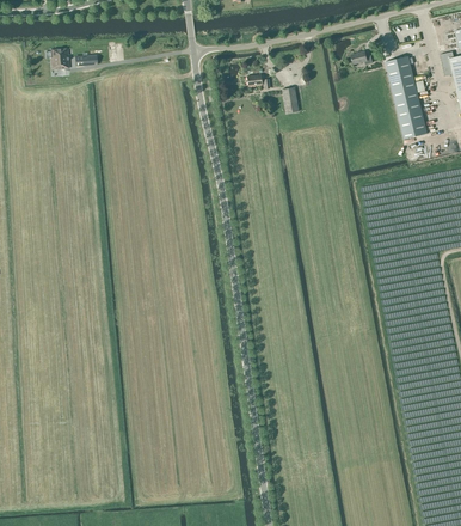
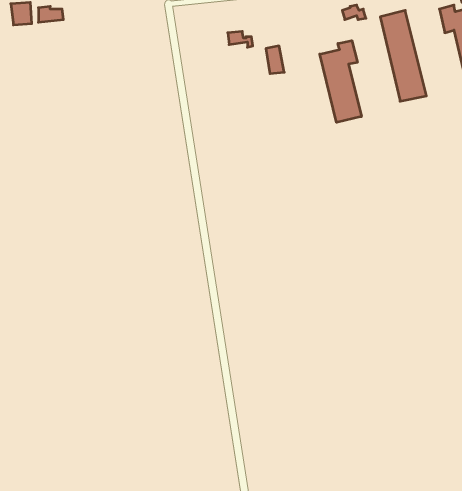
building: none -> [320,41,361,122]

